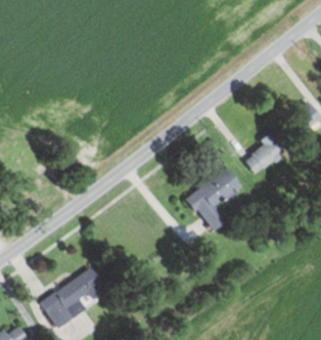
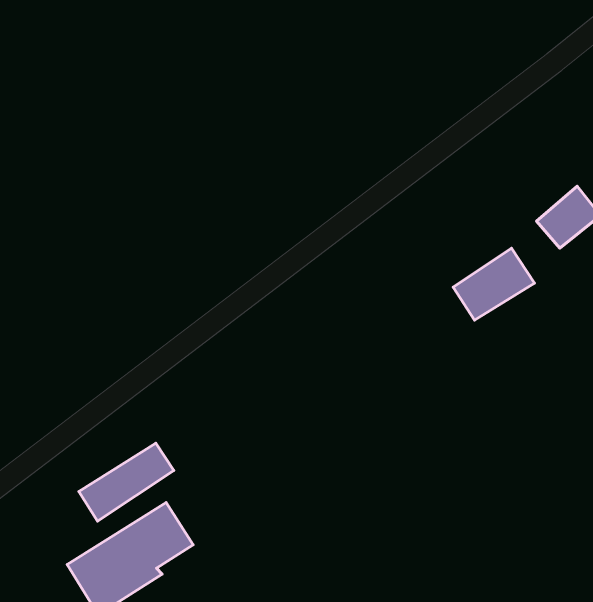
building: [185,168,239,232] -> none
building: none -> [79,443,174,521]

